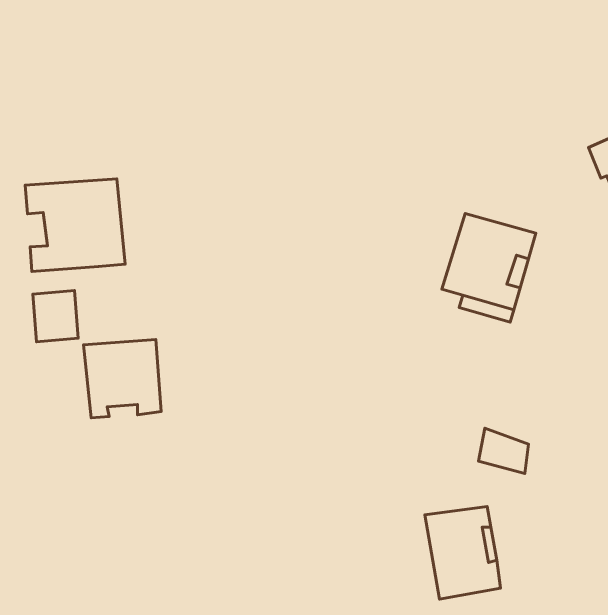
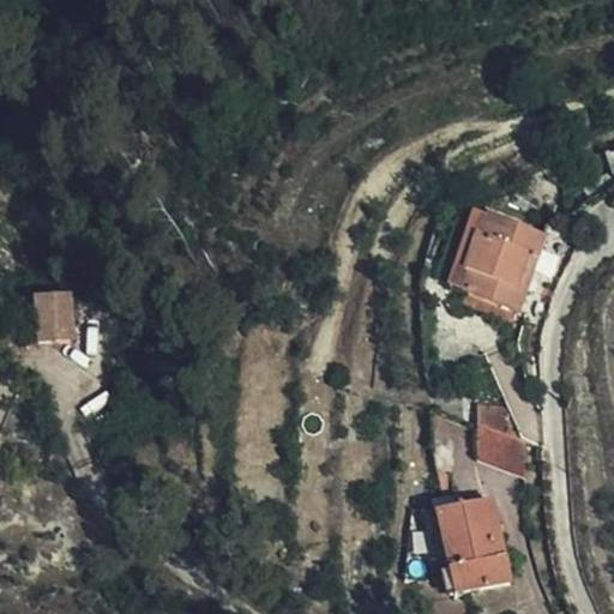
building: [25,179,125,272] -> none
building: [84,339,161,418] -> none

